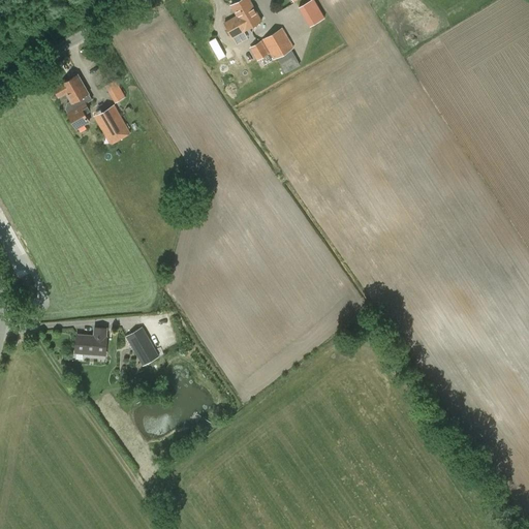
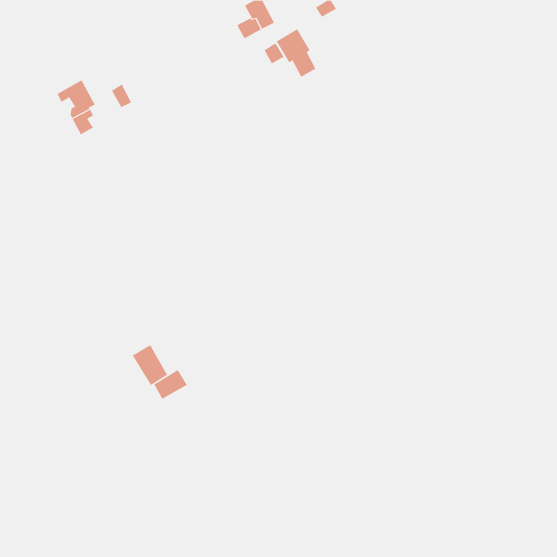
building: [94,104,131,145] -> none
building: [76,326,107,355] -> none
building: none -> [153,369,187,400]

